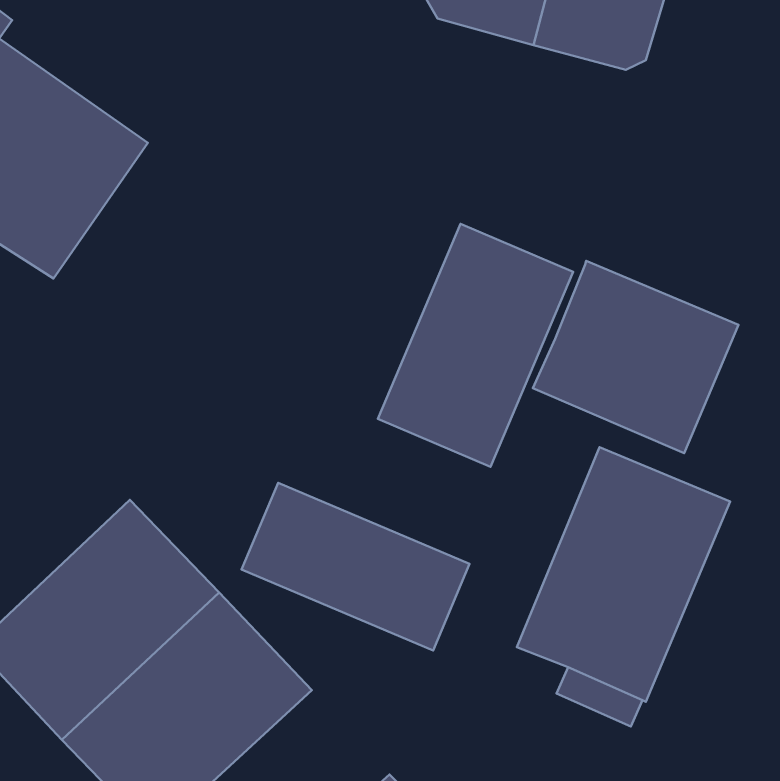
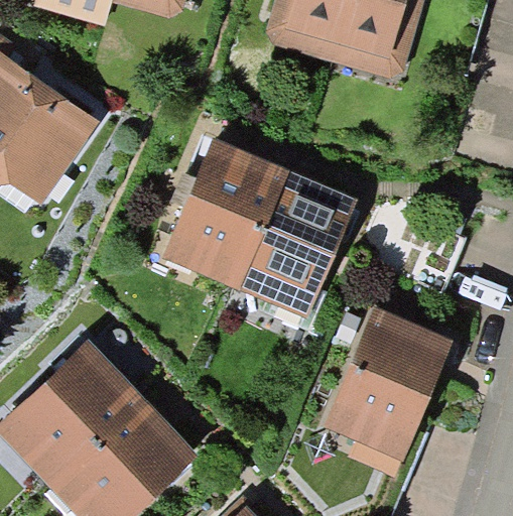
building: none -> [162,138,289,289]
building: [533,261,739,453] -> none
building: [242,483,469,651] -> none

